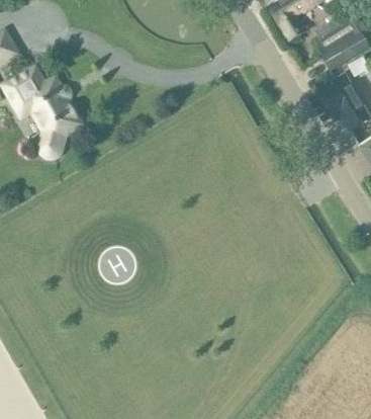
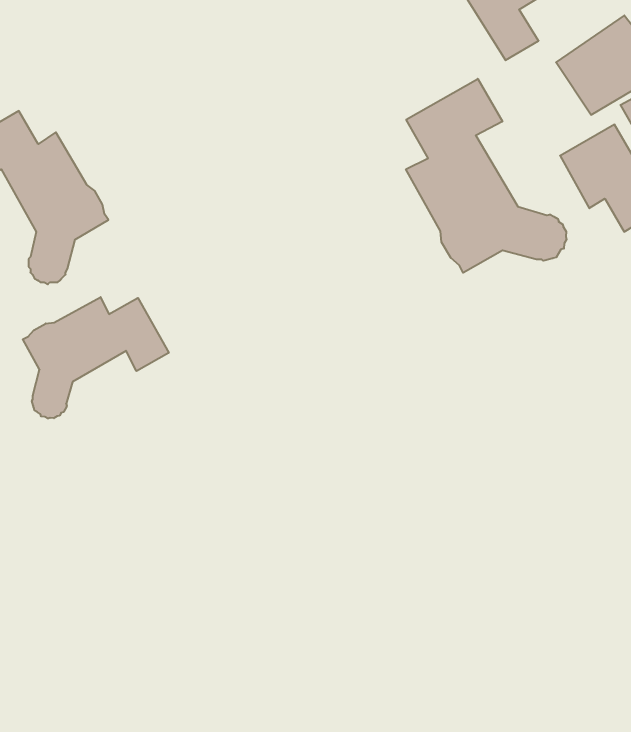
building: none -> [406,79,567,273]
building: none -> [23,297,169,419]

